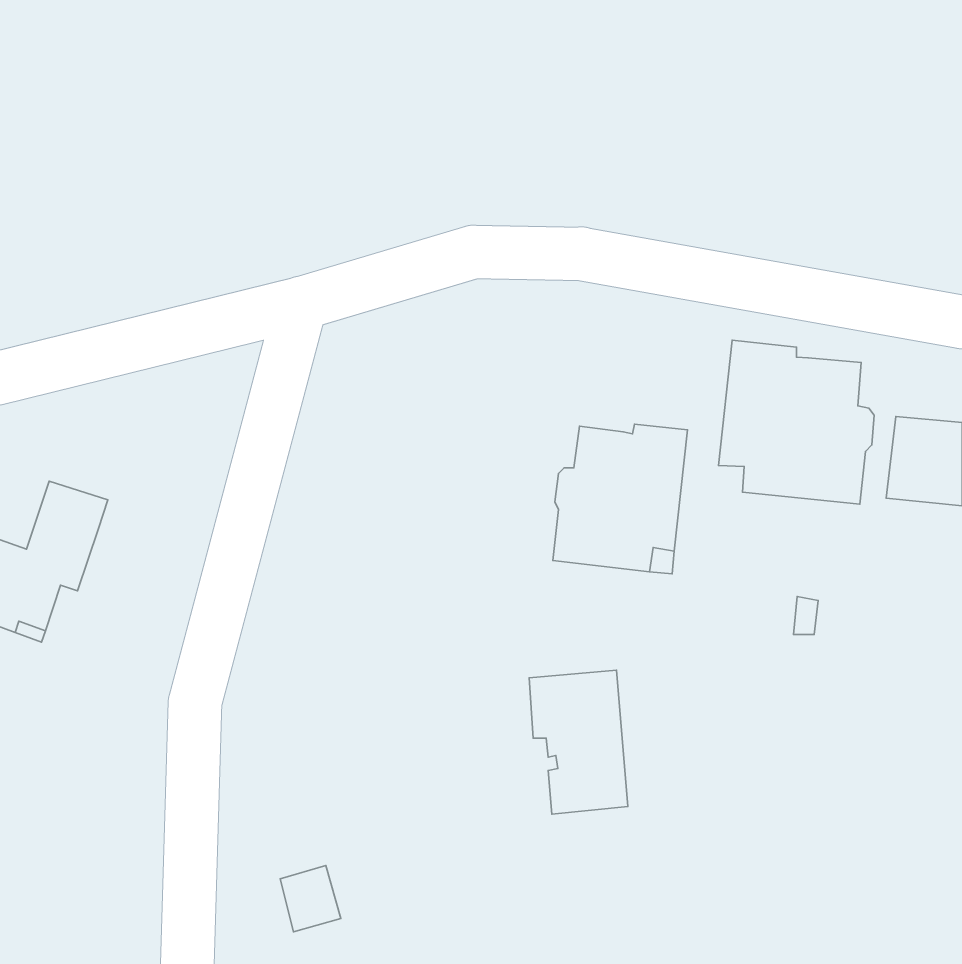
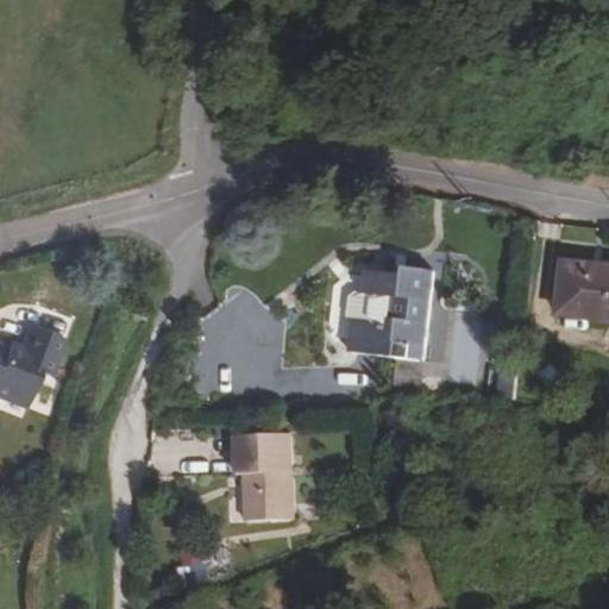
building: [719,340,874,504] -> none
building: [529,670,628,814] -> [232,431,294,521]

